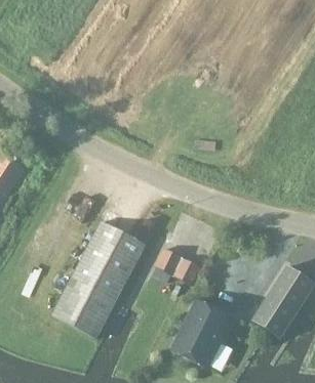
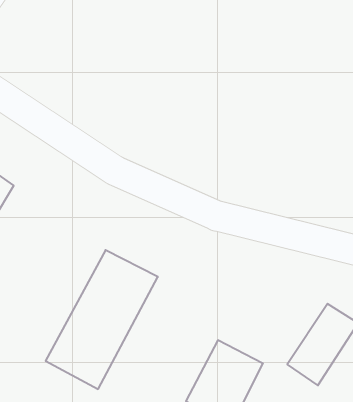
building: [156,248,201,284] -> none

